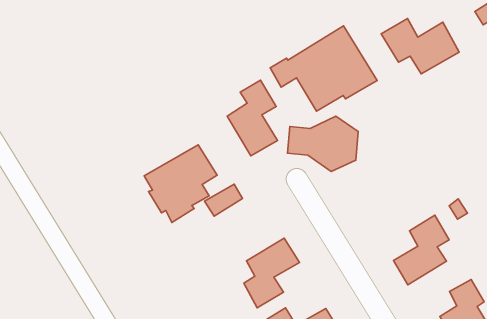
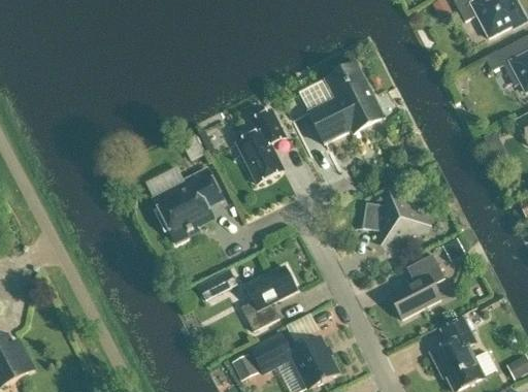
building: [381,19,459,74] -> none
building: [288,116,358,171] -> [355,194,425,248]
building: [205,184,242,216] -> [199,270,236,300]

